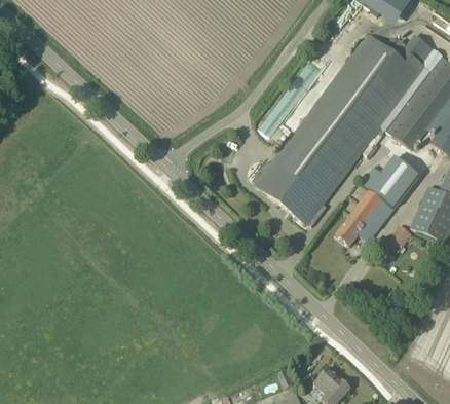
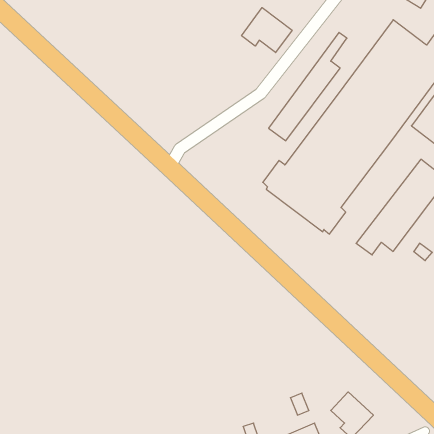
building: none -> [242,8,292,53]

